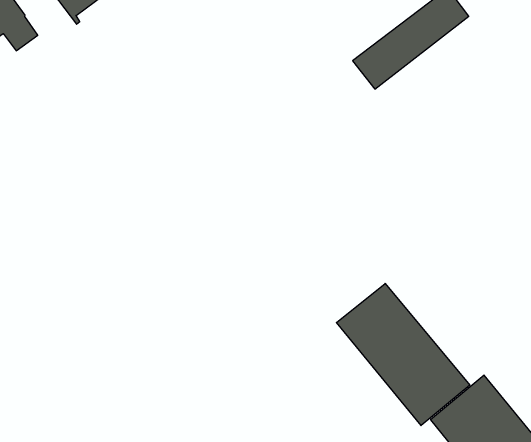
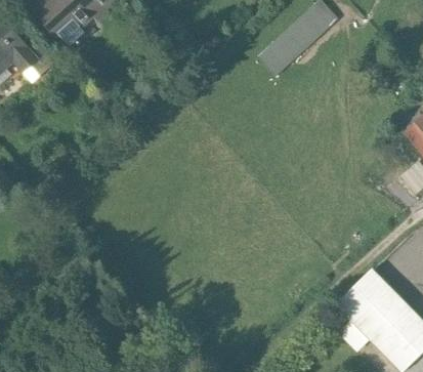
building: [336,283,470,426] -> none

